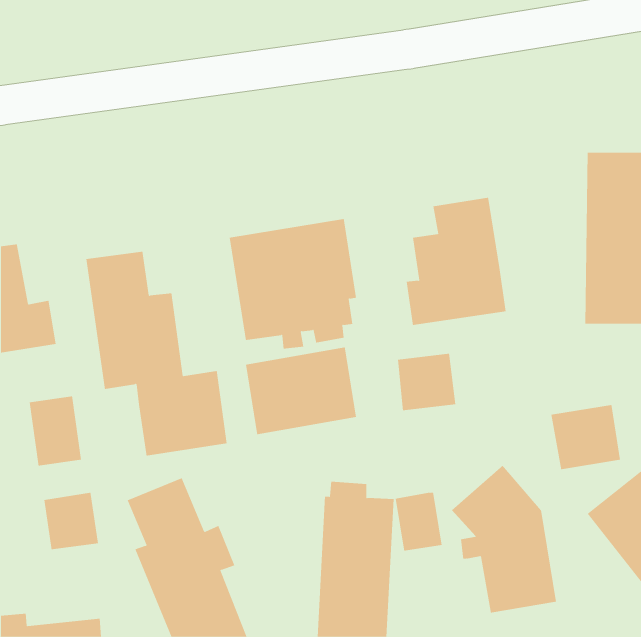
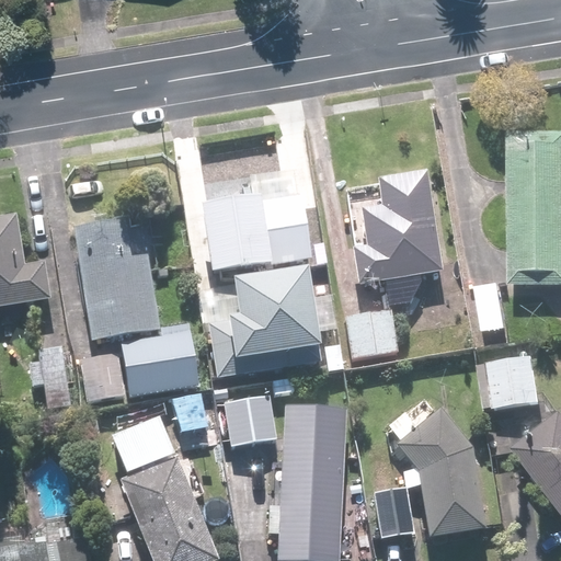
building: none -> [224,392,278,447]
building: [43,492,99,550] -> [80,353,128,403]
building: [395,492,442,551] -> [374,488,415,539]

